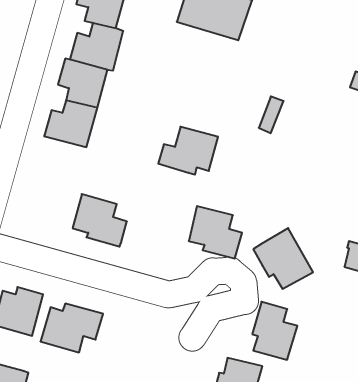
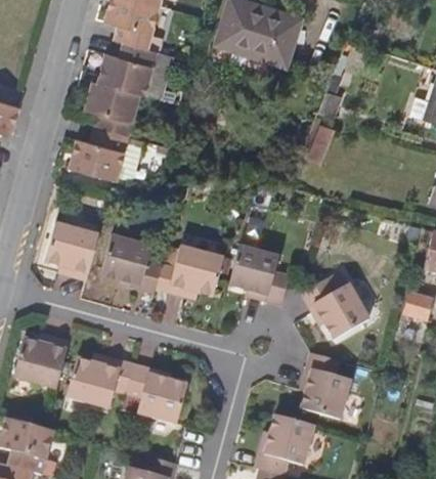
building: [158,127,218,175] -> [156,245,222,298]
building: none -> [44,221,98,278]
building: none -> [127,366,185,424]

